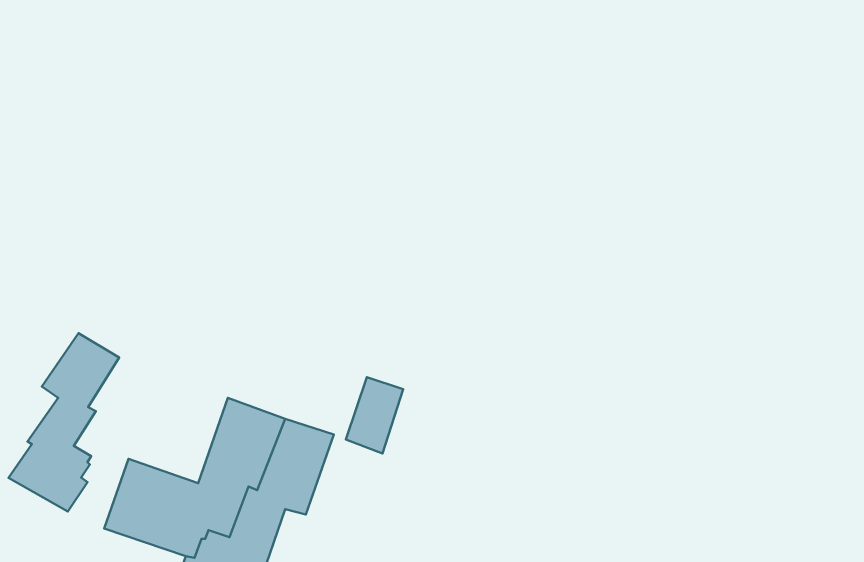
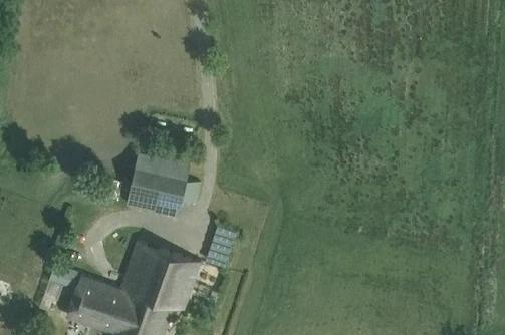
building: none -> [128,155,202,215]
building: [9,333,119,512] -> none

